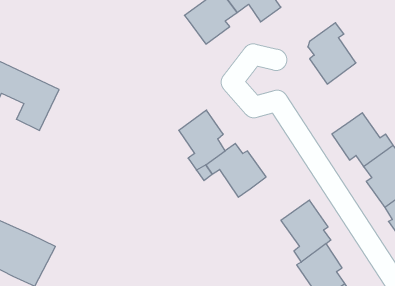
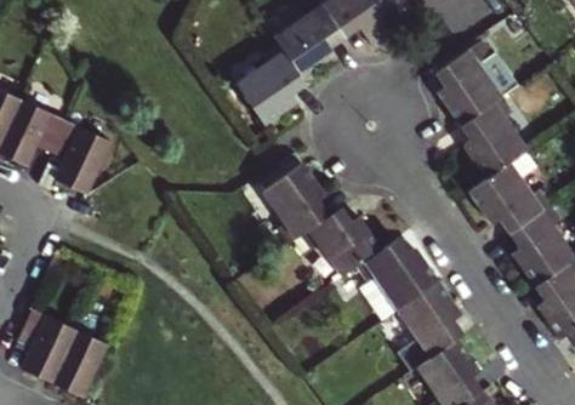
building: none -> [234,46,307,125]
building: none -> [461,102,525,182]
building: none -> [360,239,438,318]

